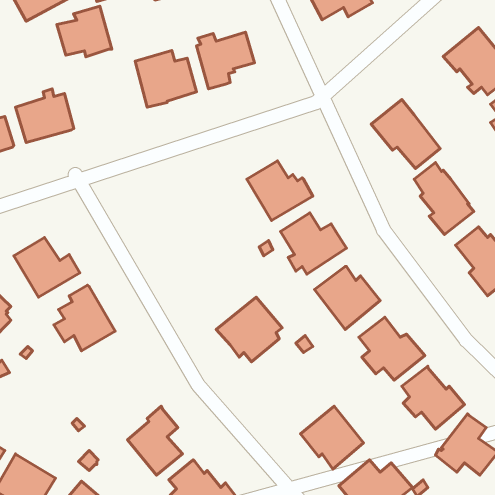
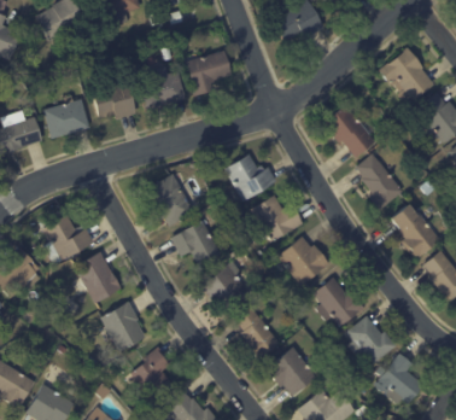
building: [57,6,112,57] -> [93,81,136,121]
building: none -> [144,173,194,224]
building: none -> [171,218,222,267]
building: none -> [100,302,146,351]
building: none -> [235,308,279,360]

